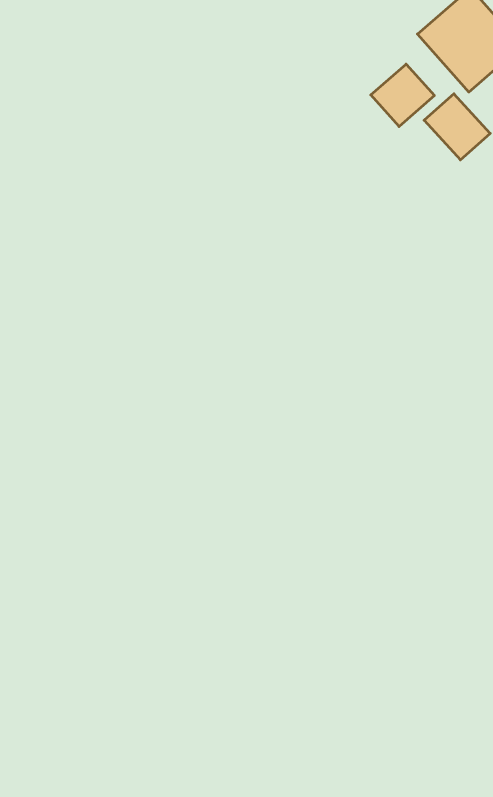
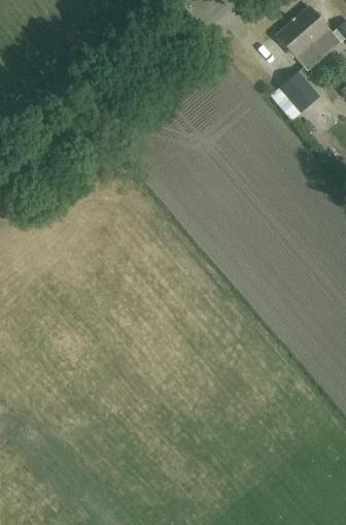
building: [371,64,434,127] -> none

